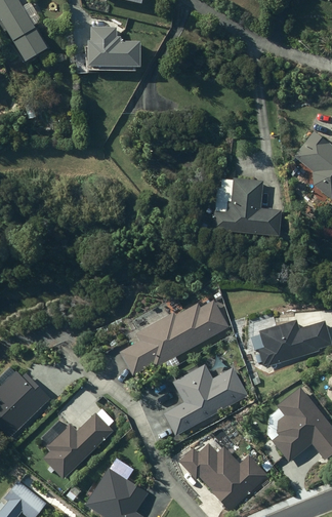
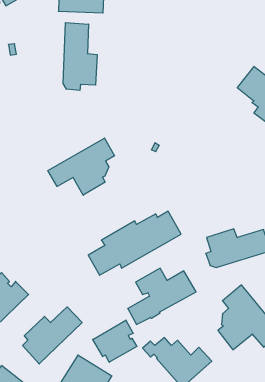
building: none -> [63,23,97,90]
building: [212,176,282,235] -> none
building: none -> [48,138,115,195]
building: none -> [93,320,137,362]

